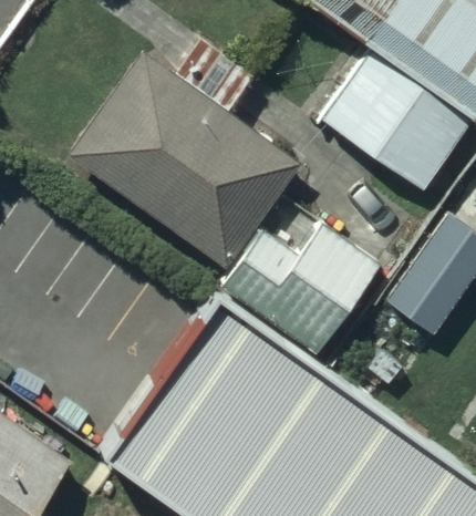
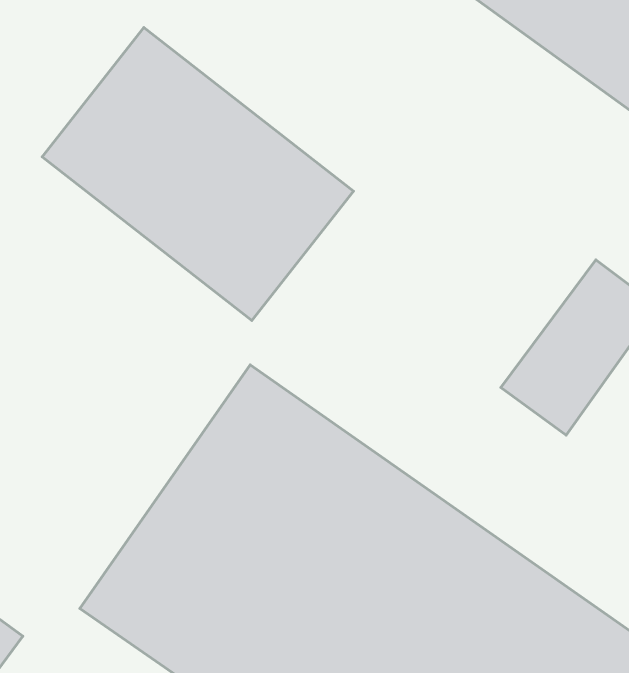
building: [320,66,463,198] -> none
building: [229,233,369,347] -> none

